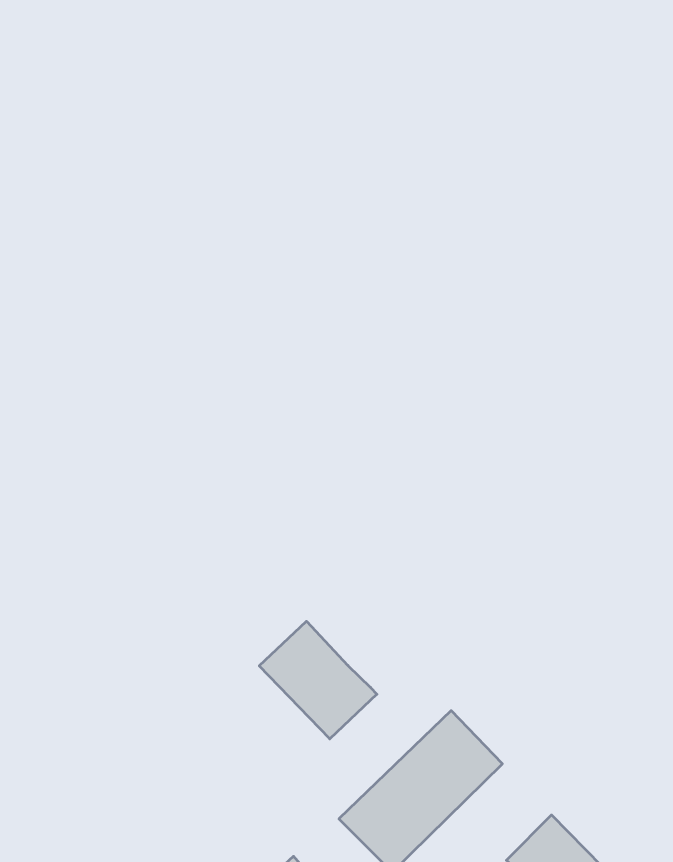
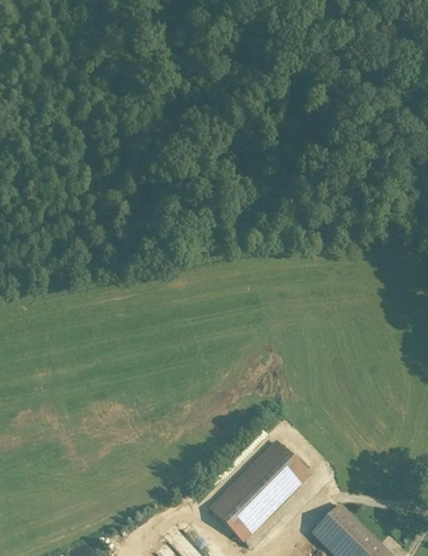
building: [259,621,377,739] -> none

